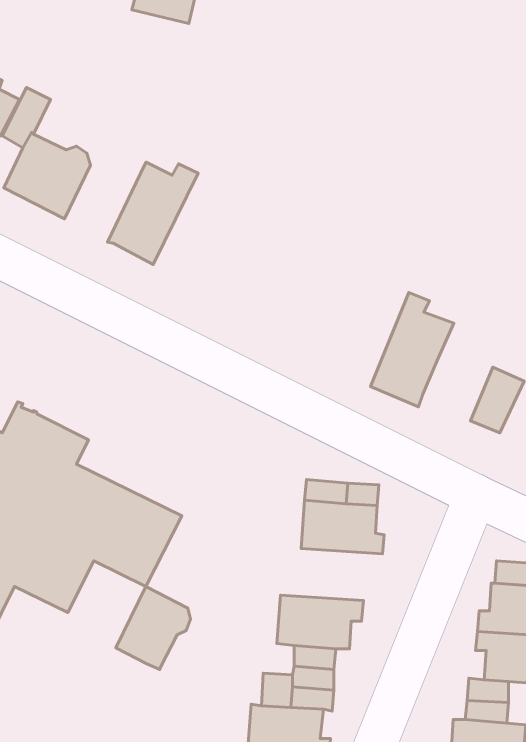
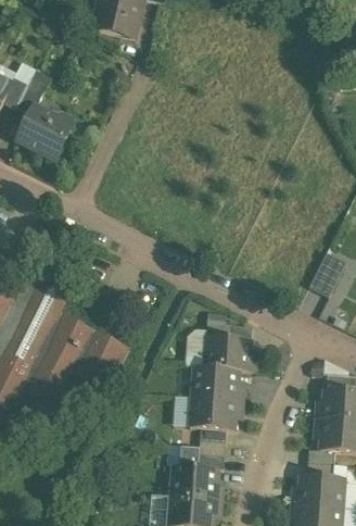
building: [107,162,198,265] -> none
building: [371,292,454,407] -> none
building: none -> [191,365,244,399]
building: [116,587,191,669] -> none

